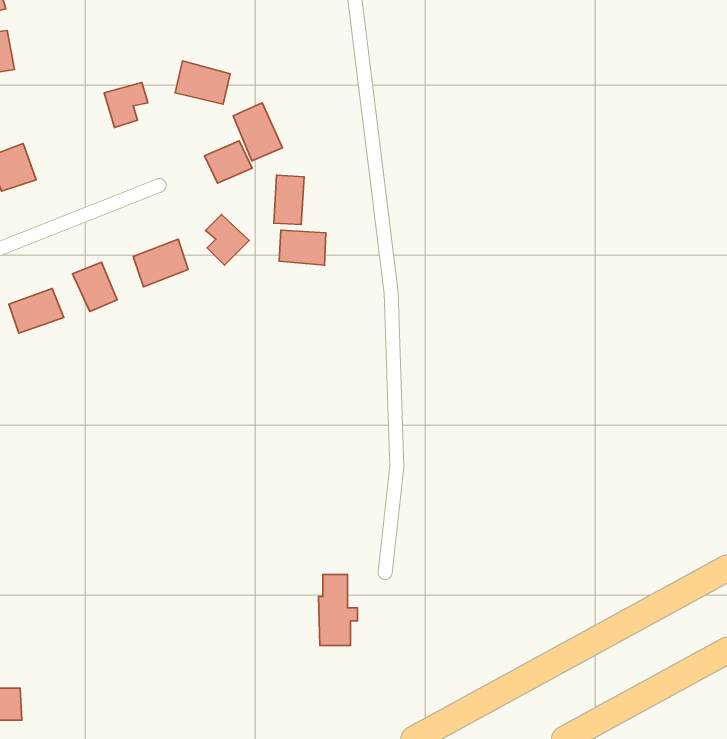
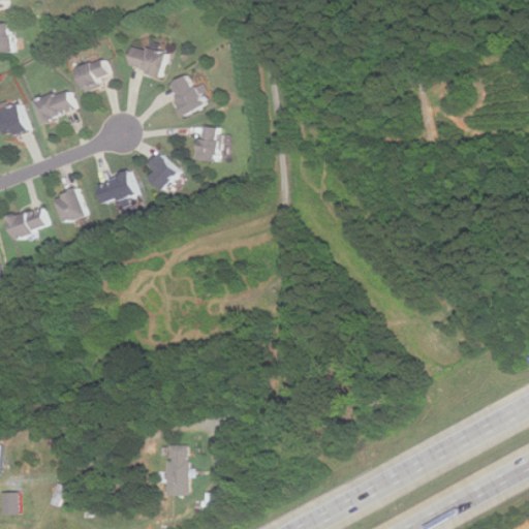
building: none -> [33,88,73,123]
building: [204,141,252,183] -> none
building: [279,230,326,265] -> none
building: [318,575,358,646] -> [162,443,190,494]

